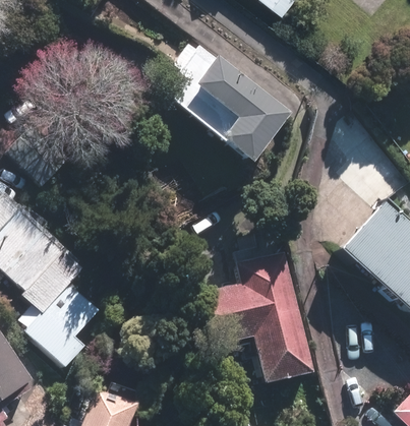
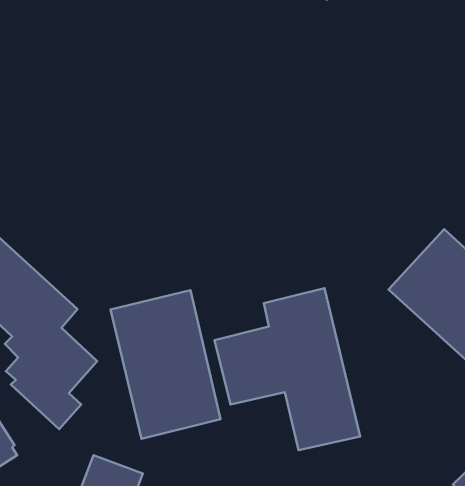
building: [169,39,290,166] -> none
building: none -> [110,290,221,439]

